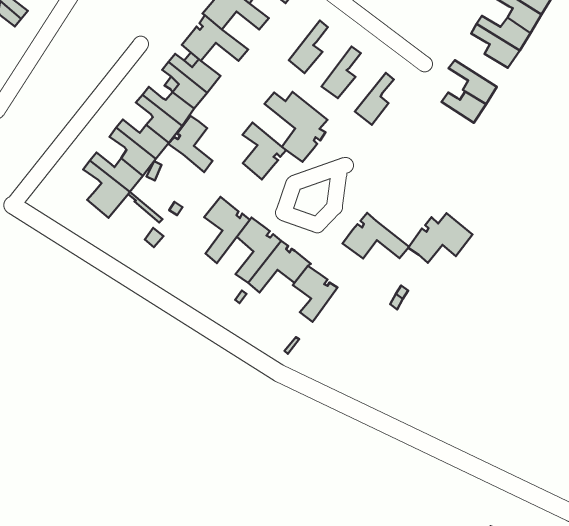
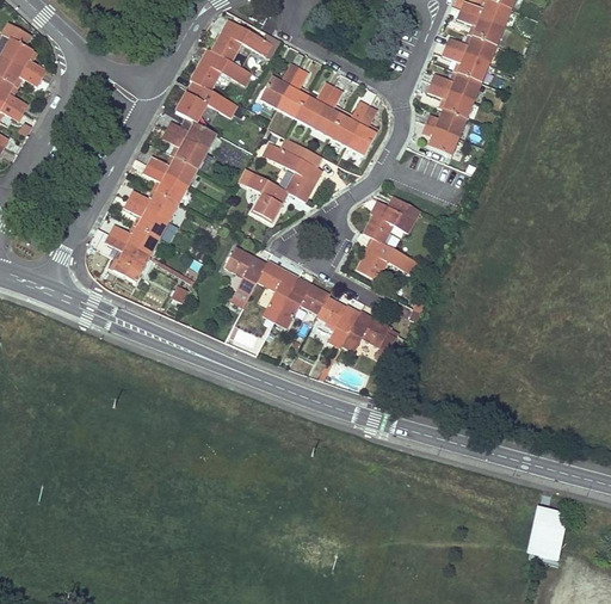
building: none -> [259,62,300,109]
building: none -> [294,81,333,128]
building: none -> [431,72,481,100]
building: none -> [328,100,369,146]
building: none -> [421,123,458,155]
building: [168,116,213,172] -> none
building: [408,213,472,263] -> [363,195,420,244]
building: none -> [341,309,397,359]

